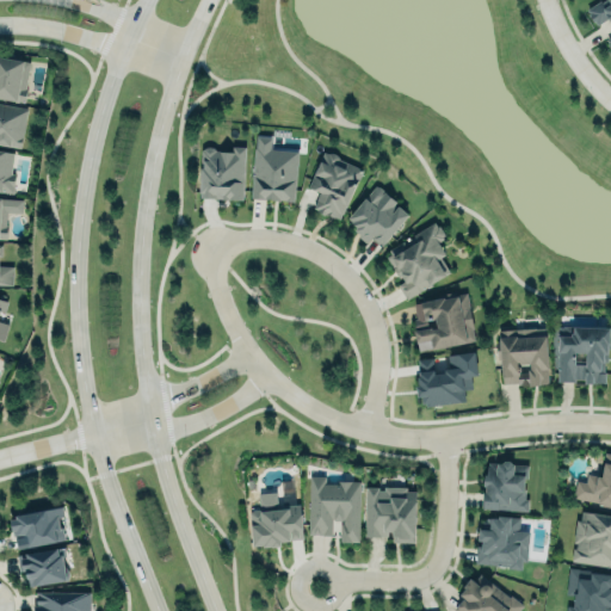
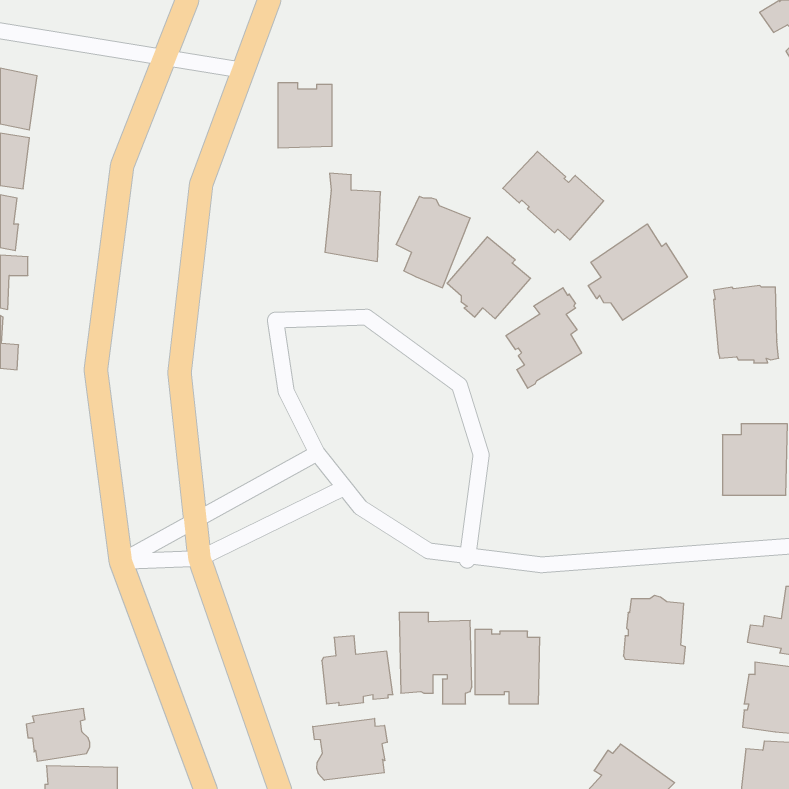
building: none -> [503,151,604,240]
building: [200,143,242,193] -> [278,83,332,148]
building: none -> [588,224,687,320]
building: [415,292,476,352] -> none
building: [500,328,550,388] -> [714,286,779,363]
building: [415,350,477,408] -> none
building: [11,507,67,551] -> none
building: [476,517,529,569] -> none
building: none -> [313,718,387,780]

